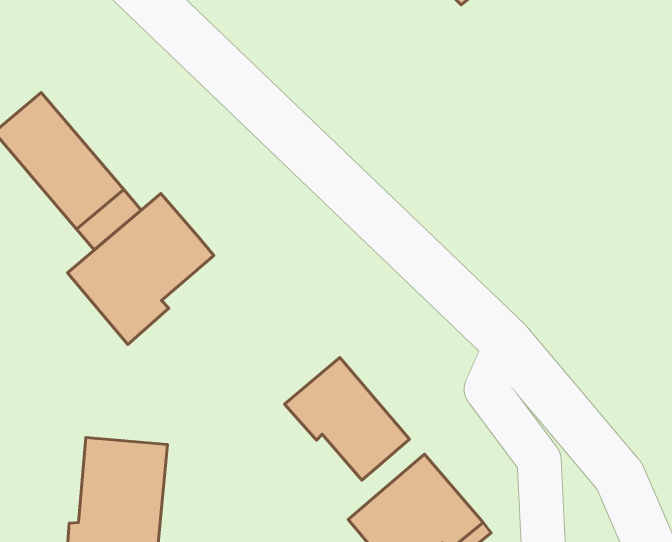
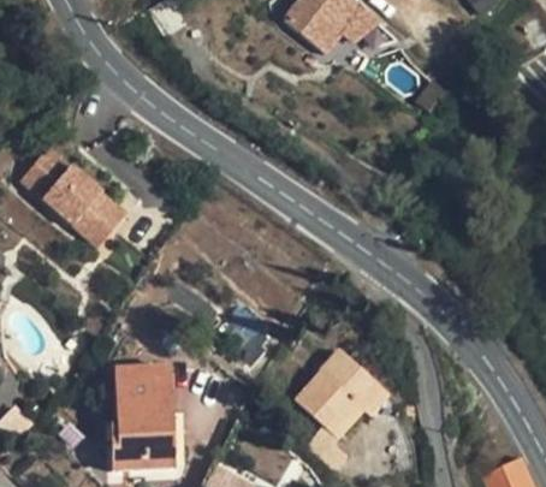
building: [68,194,214,345] -> none
building: [285,358,410,480] -> none

